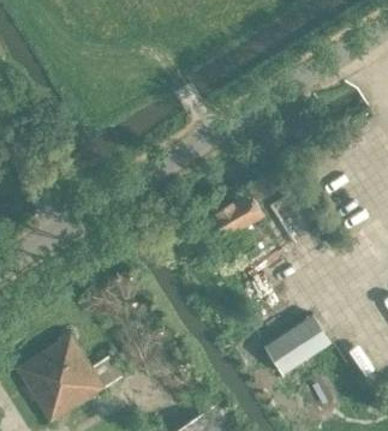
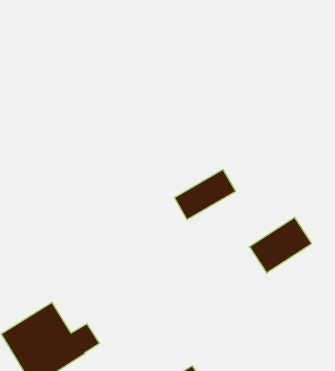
building: [264,315,330,373] -> [249,217,312,273]

